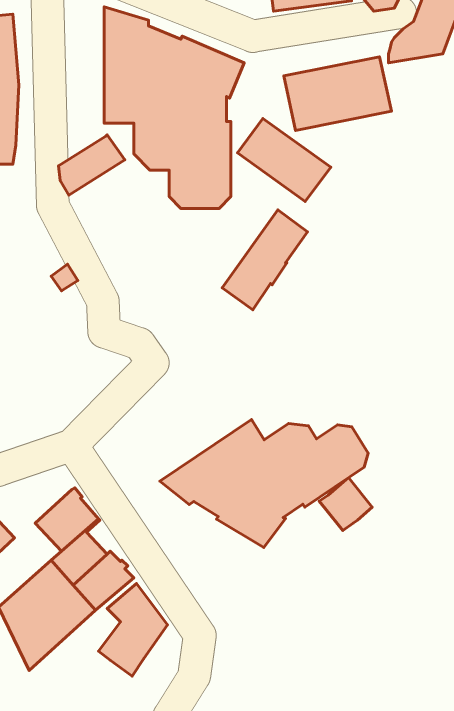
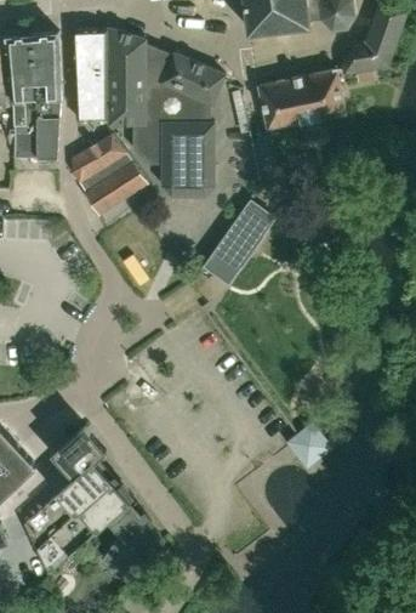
building: none -> [72,32,107,123]
building: none -> [33,34,59,160]
building: [237,119,331,202] -> none
building: none -> [79,157,146,215]
building: [160,420,368,547] -> none

